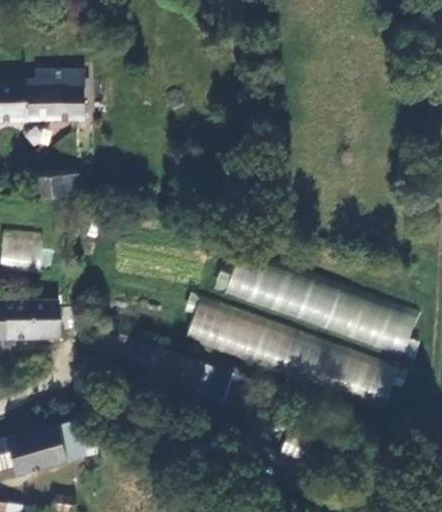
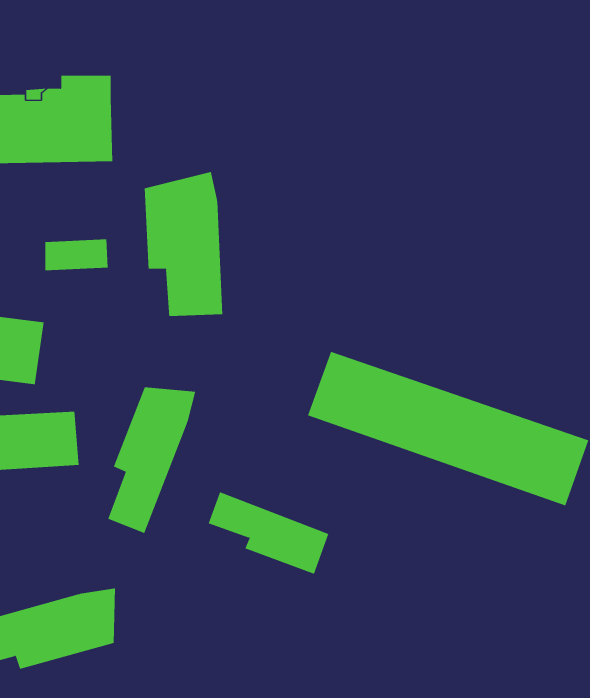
building: none -> [144,171,223,317]
building: none -> [108,386,196,534]
building: [169,295,403,416] -> none

